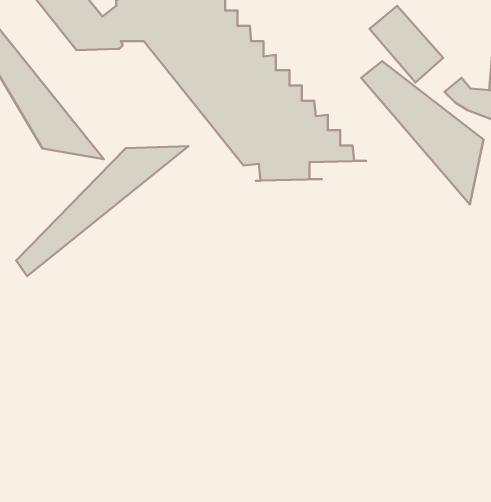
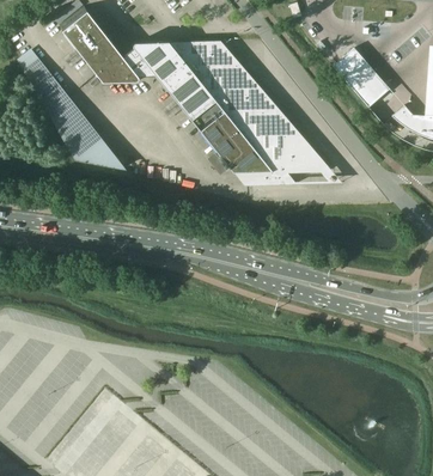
building: [361,61,484,205] -> none
building: [16,146,189,276] -> none

